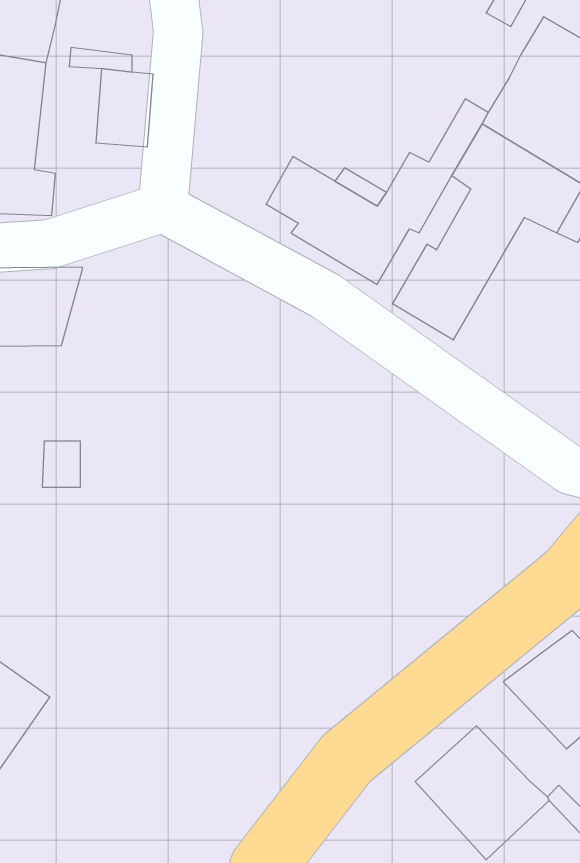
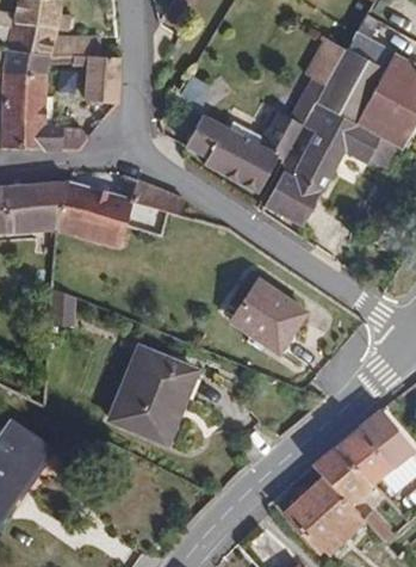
building: none -> [304,39,347,87]
building: none -> [61,181,184,251]
building: none -> [229,278,308,356]
building: none -> [107,343,204,446]
building: none -> [312,443,375,505]

